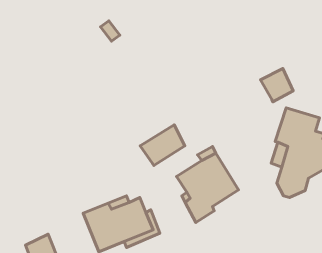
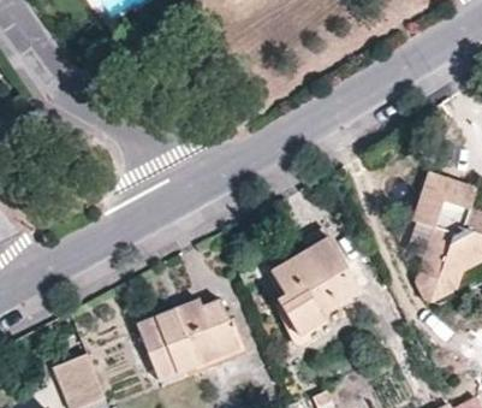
building: [261,68,293,102] -> none
building: [140,125,185,165] -> none

